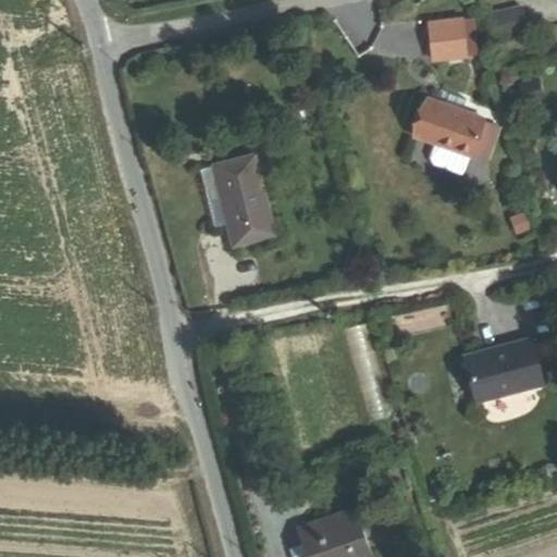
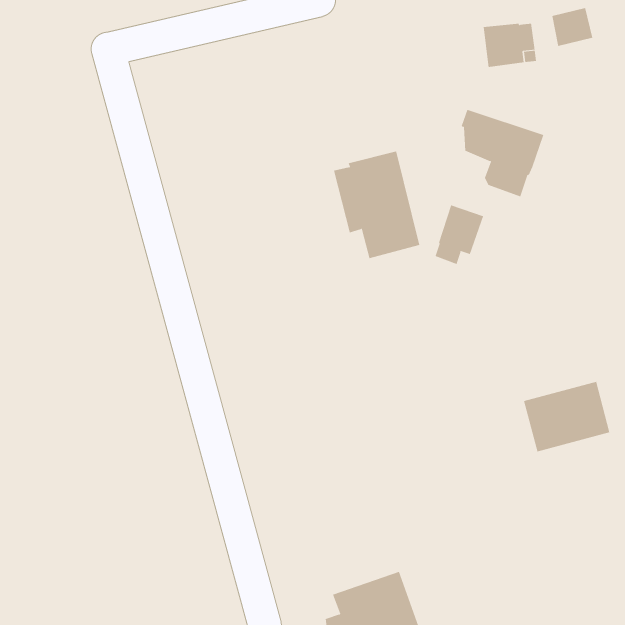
building: [199,149,276,245] -> [333,151,420,259]
building: none -> [435,204,484,265]

